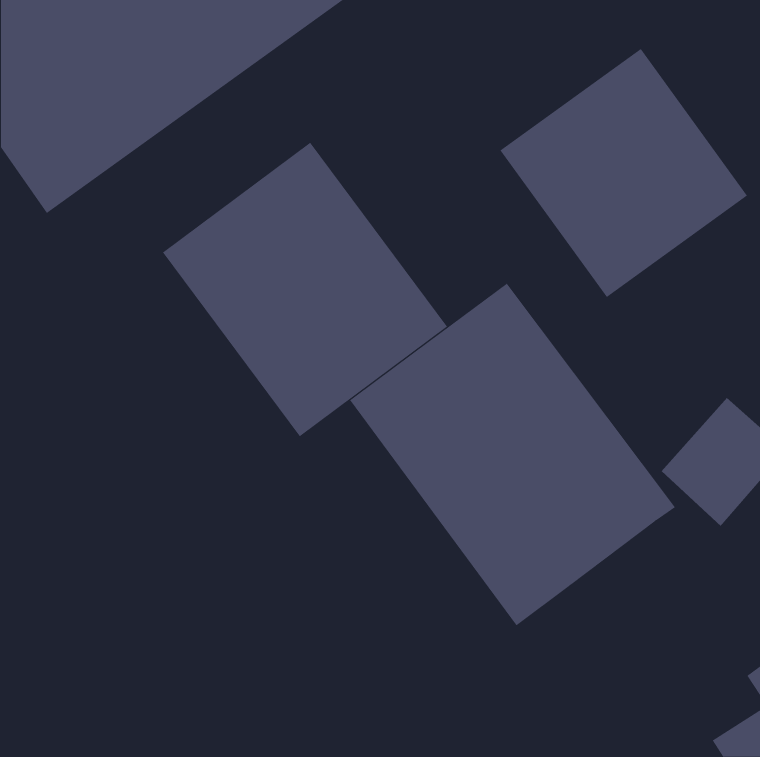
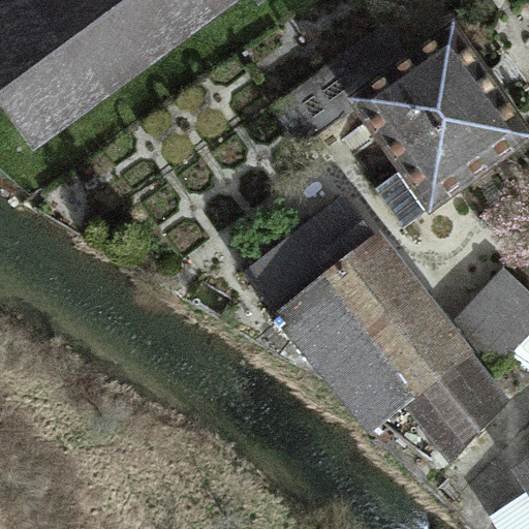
building: [162,142,448,437] -> none
building: none -> [398,357,498,457]

